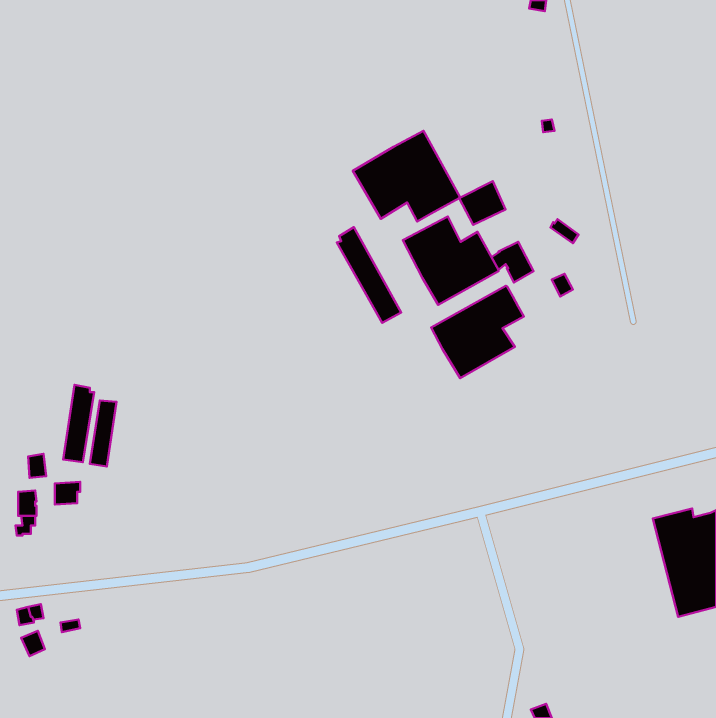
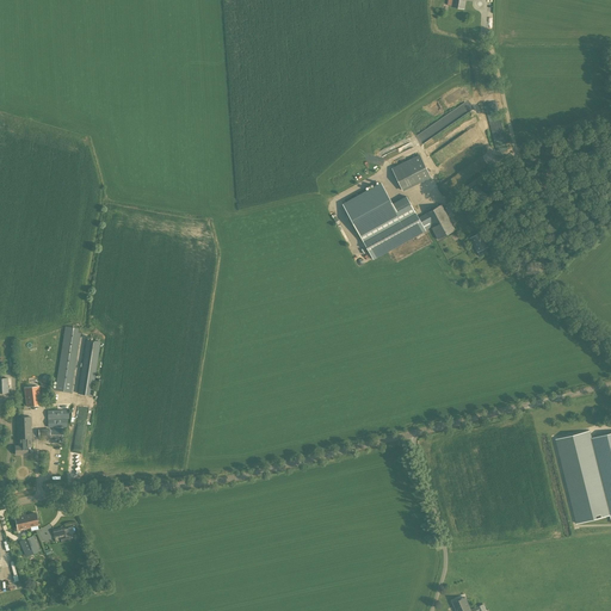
building: [353,131,460,221] -> none
building: [337,227,401,323] -> none
building: [431,286,524,378] -> none

